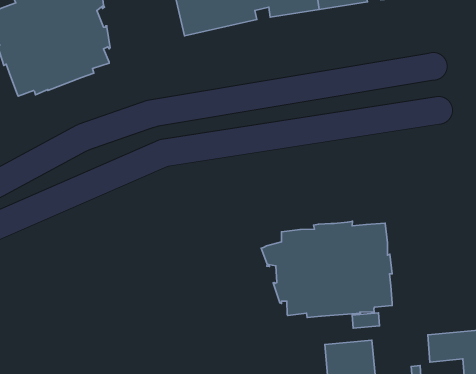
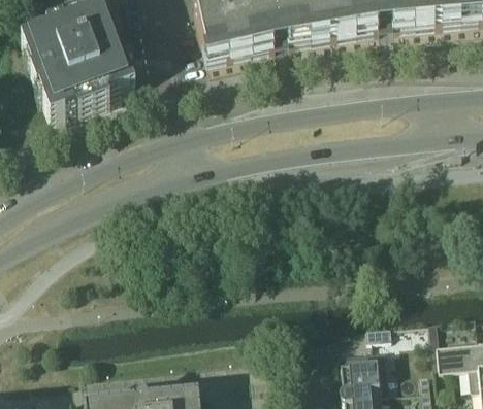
building: [261,221,392,317] -> none

